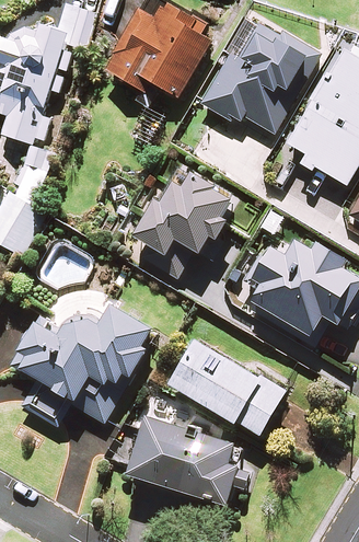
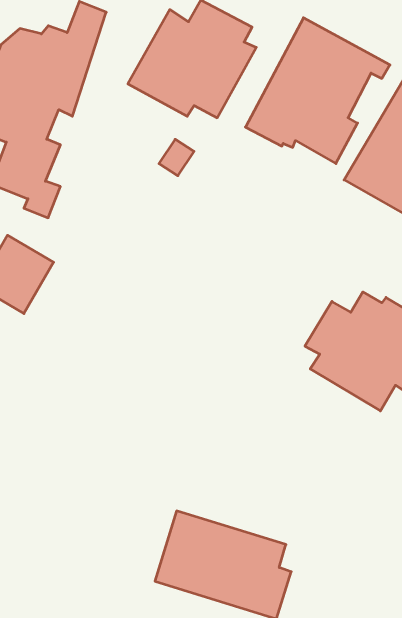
building: [134,168,231,279] -> none
building: [11,291,155,427] -> none
building: [169,339,283,436] -> none

